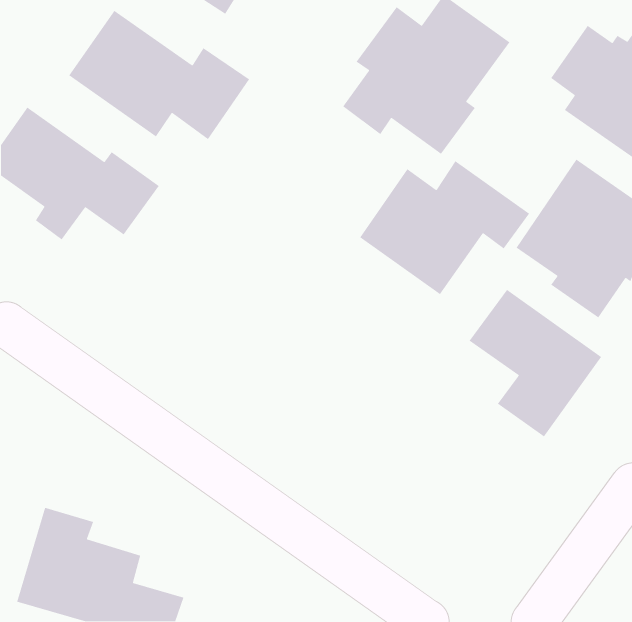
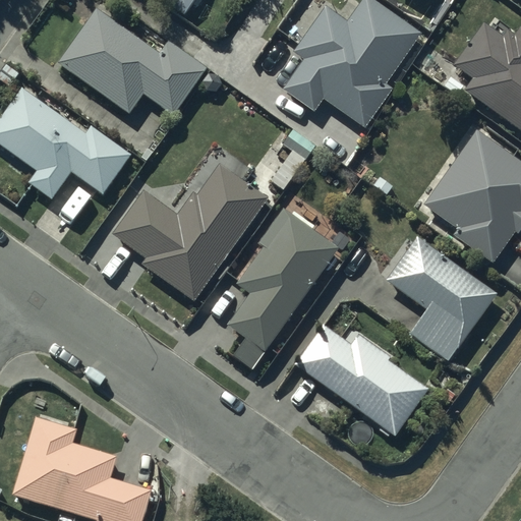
building: [359,160,530,295] -> none
building: none -> [114,163,267,300]
building: none -> [227,210,337,351]
building: none -> [295,326,429,437]

